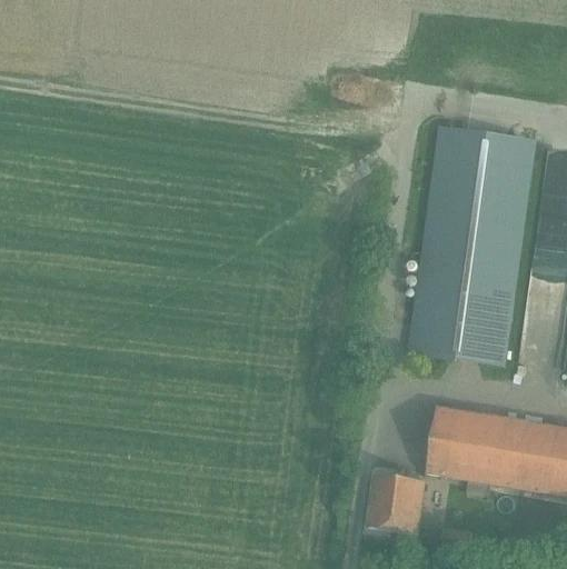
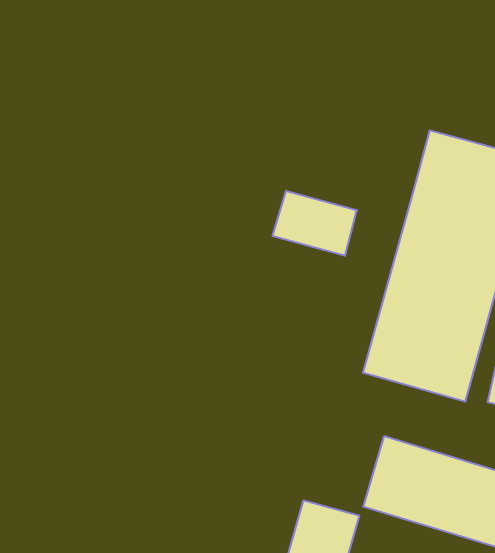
building: none -> [273,191,357,256]

